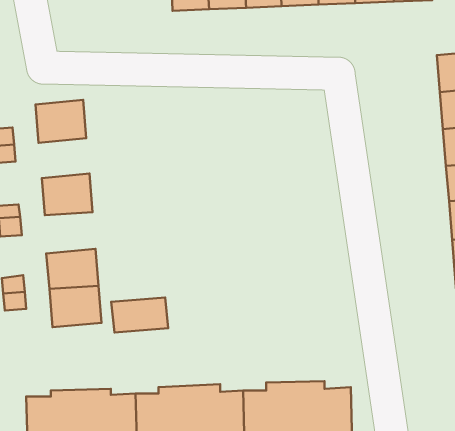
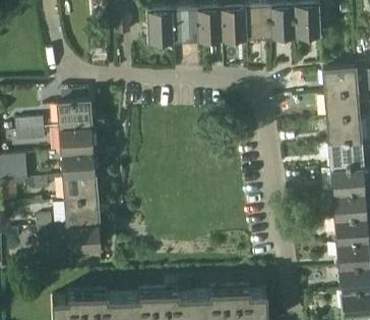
building: none -> [60,125,94,152]
building: none -> [64,174,98,202]
building: [111,298,168,332] -> none

